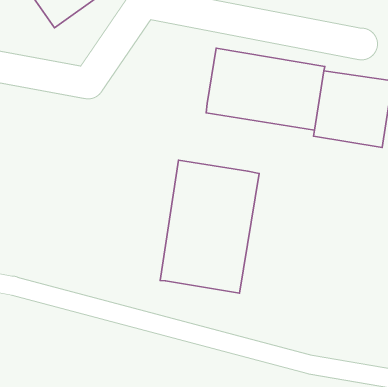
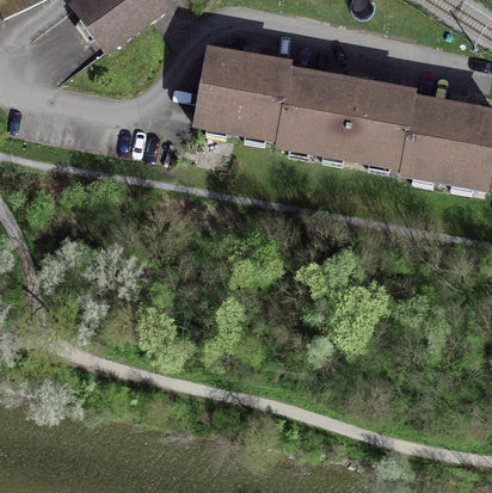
building: none -> [192,48,290,135]
building: [160,160,259,293] -> none

